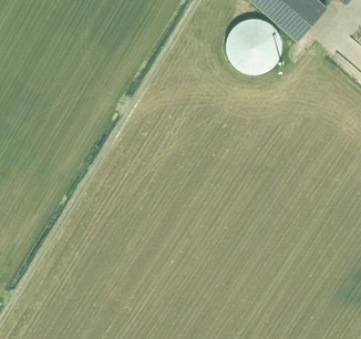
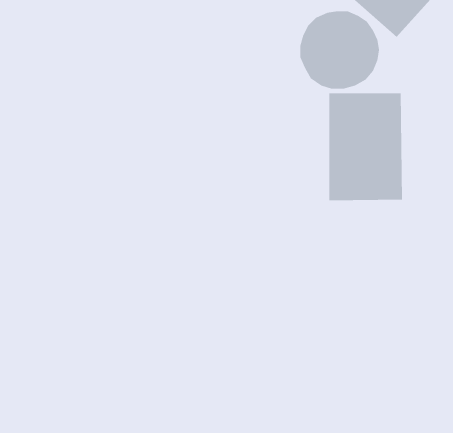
building: none -> [329,92,403,201]

